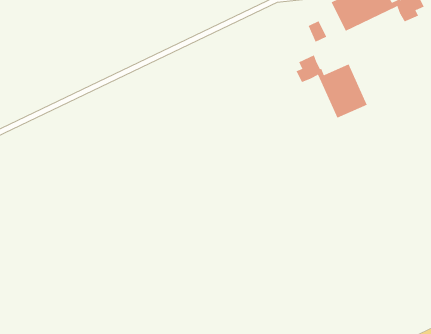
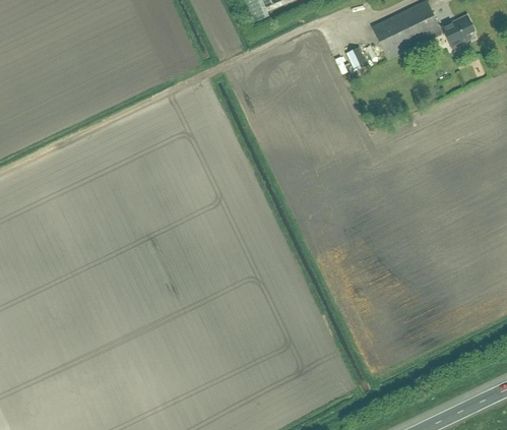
building: [296,54,368,118] -> none

